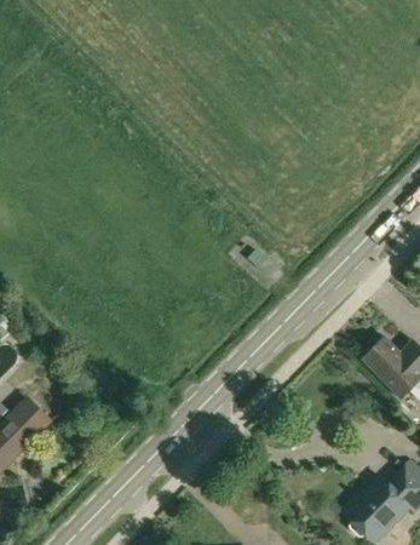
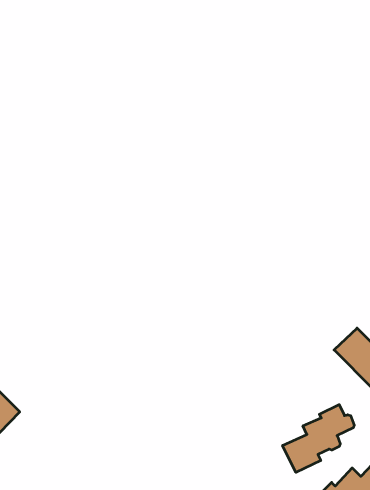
building: none -> [283,405,354,472]

